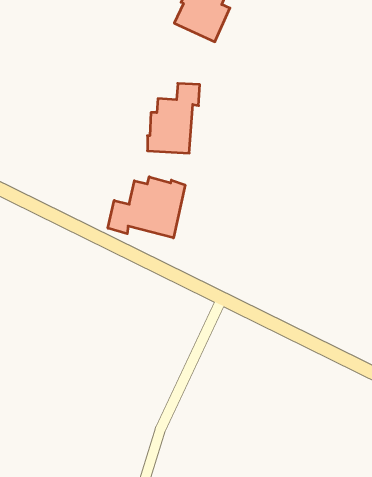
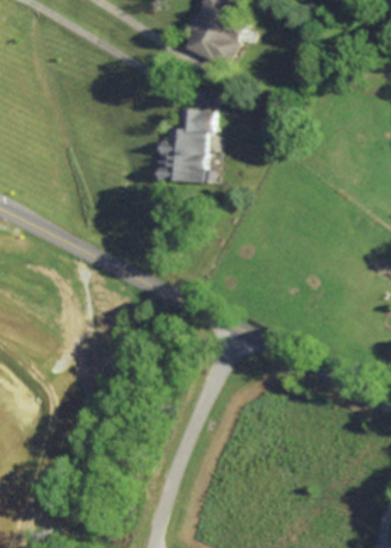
building: [108,177,185,238] -> none

